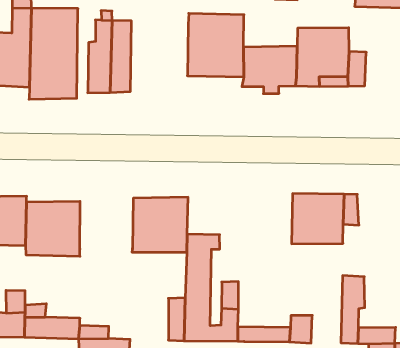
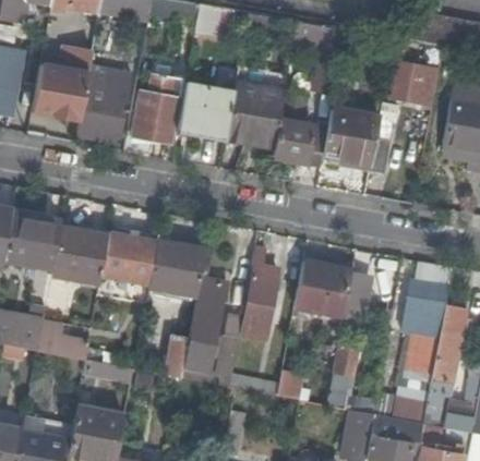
building: none -> [179,82,235,139]
building: none -> [242,250,280,339]
building: none -> [100,227,158,287]

